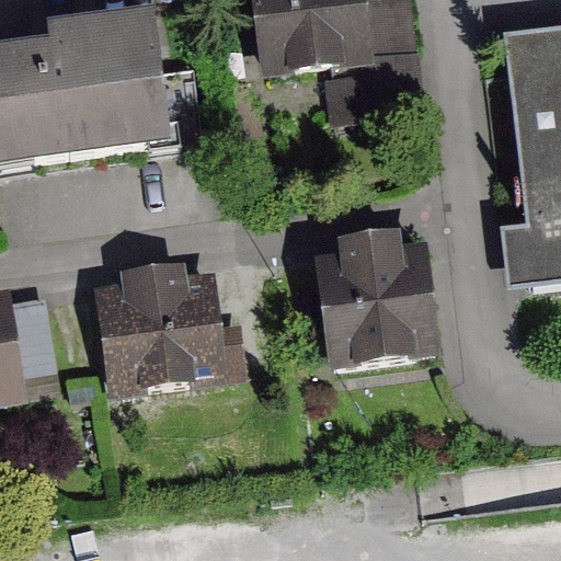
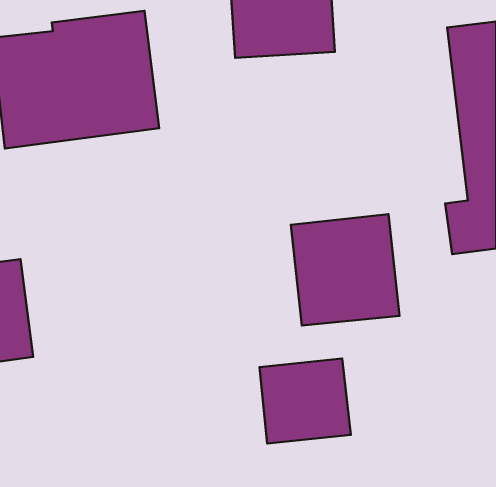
building: [103,262,229,386] -> none
building: none -> [260,358,351,444]

